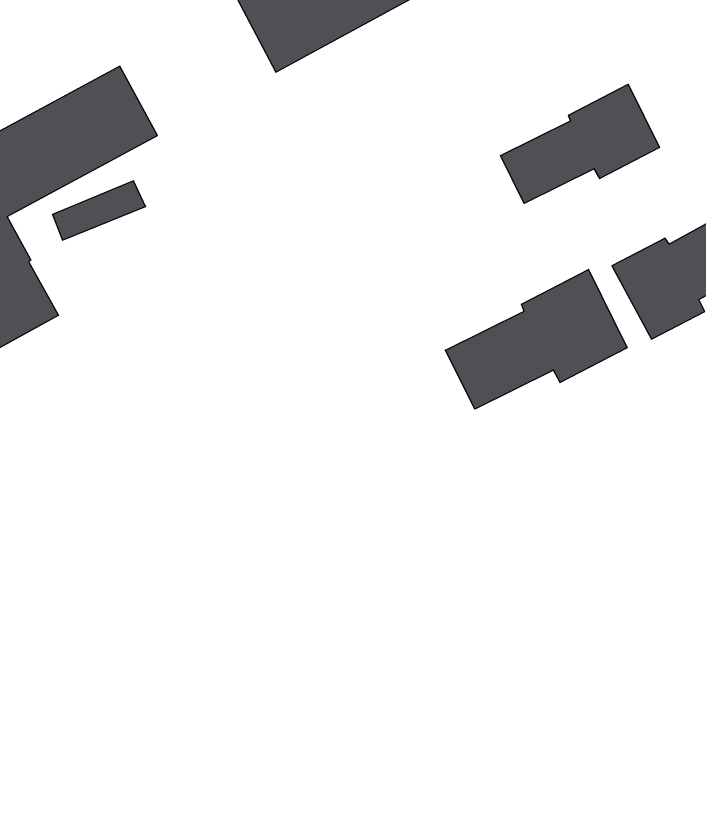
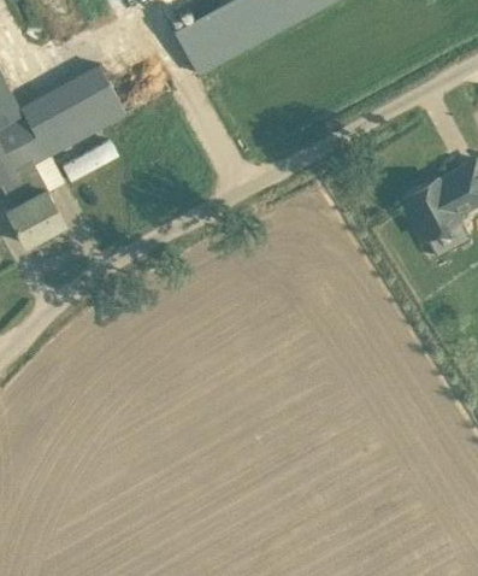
building: [501,84,659,203] -> none
building: [445,269,627,409] -> none

